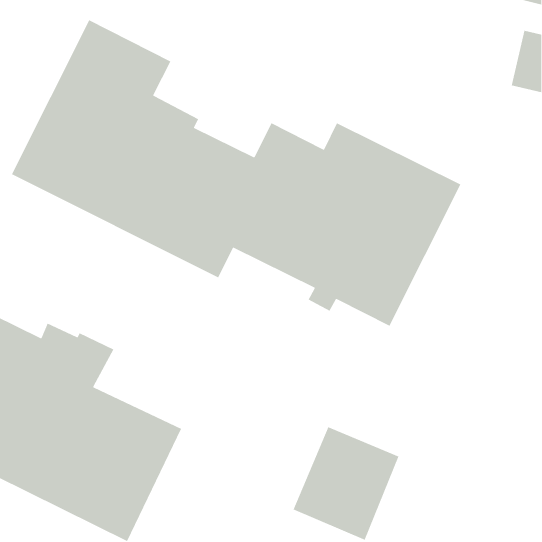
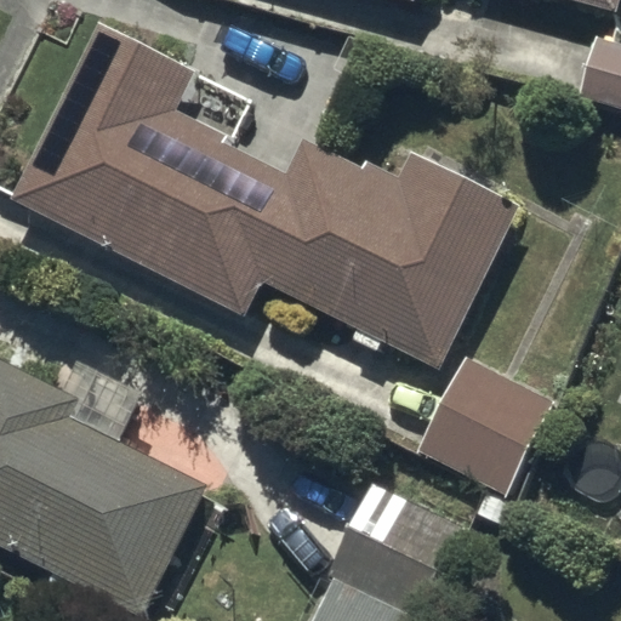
building: none -> [422,355,557,526]

